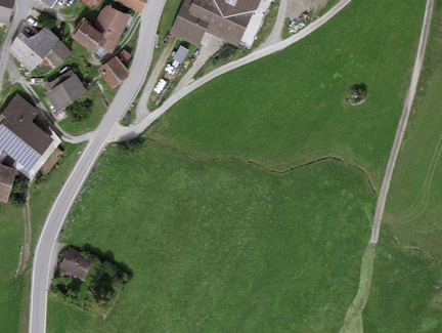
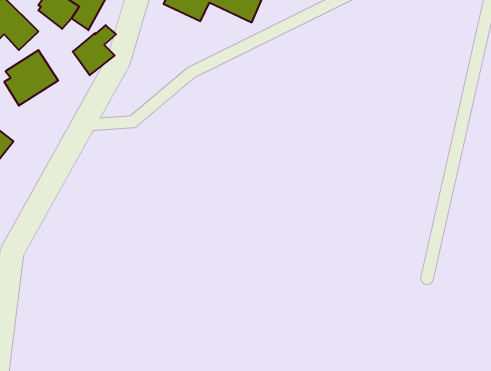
building: [58,246,91,280] -> none

